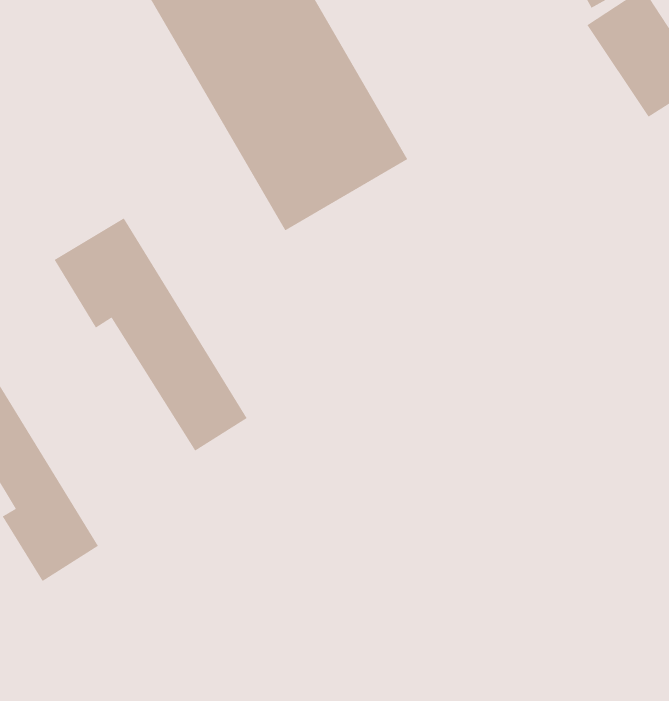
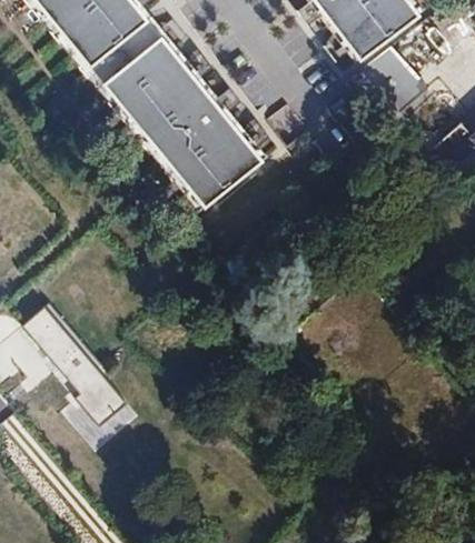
building: [54,217,248,451] -> none

